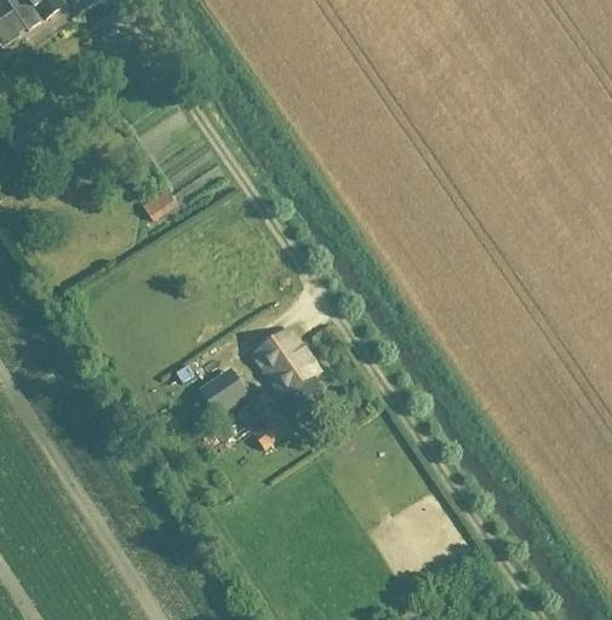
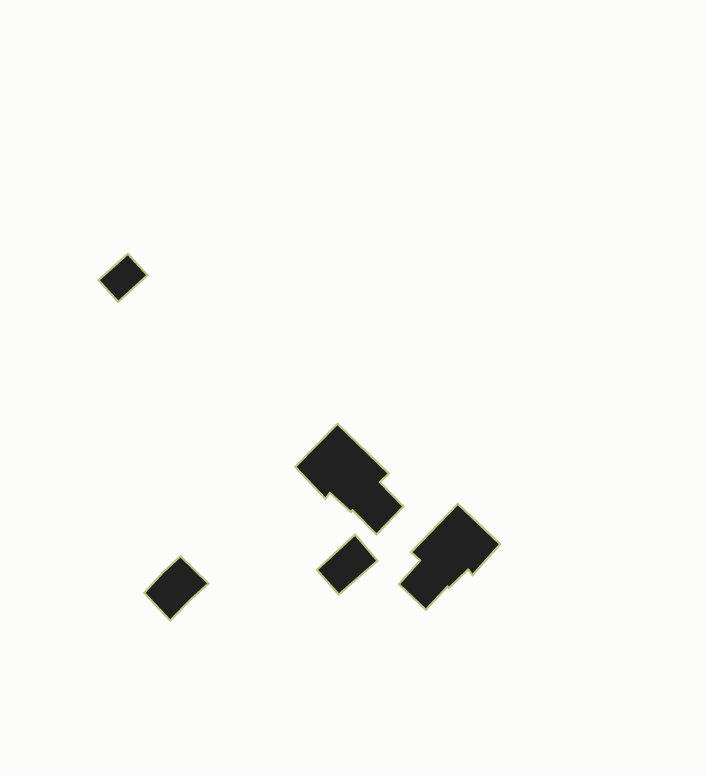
building: [201,369,246,412] -> [144,556,208,620]
building: none -> [399,504,500,610]

